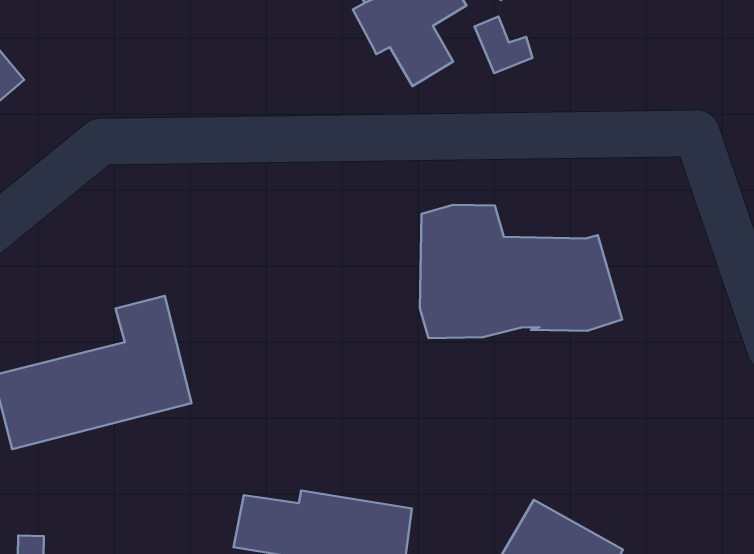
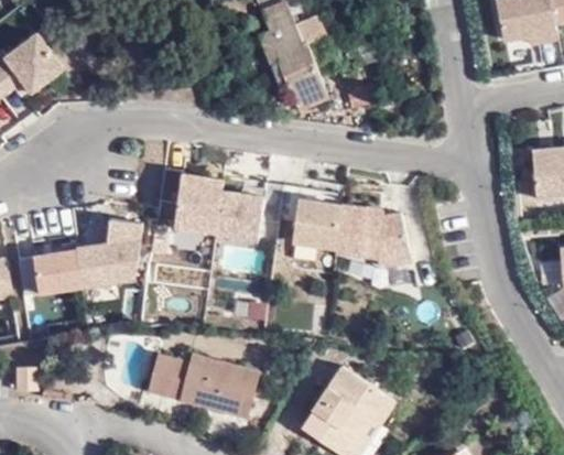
building: none -> [159,177,280,249]

